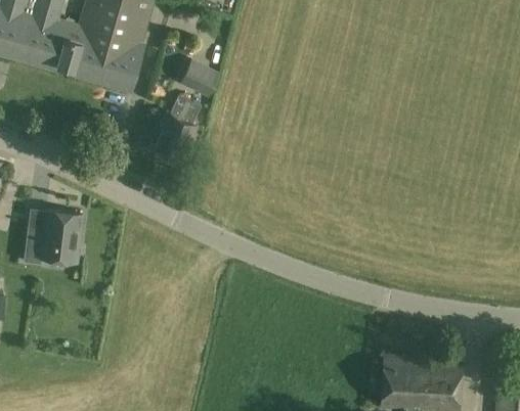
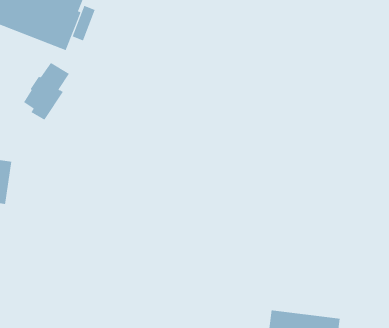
building: [179,60,219,97] -> none
building: [151,95,201,161] -> [23,62,70,121]

